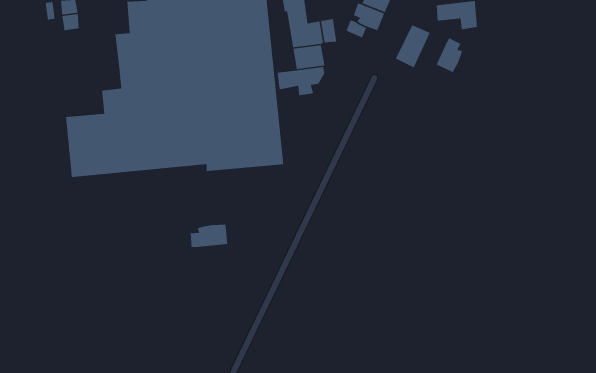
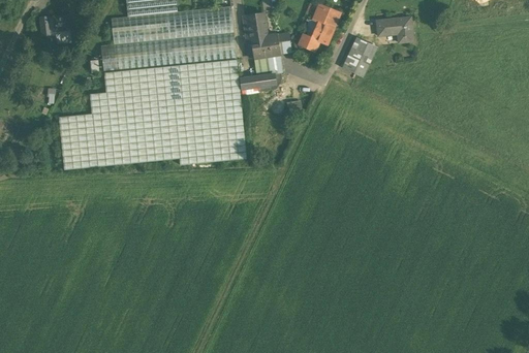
building: [436,37,463,73] -> none
building: [190,224,228,248] -> none

